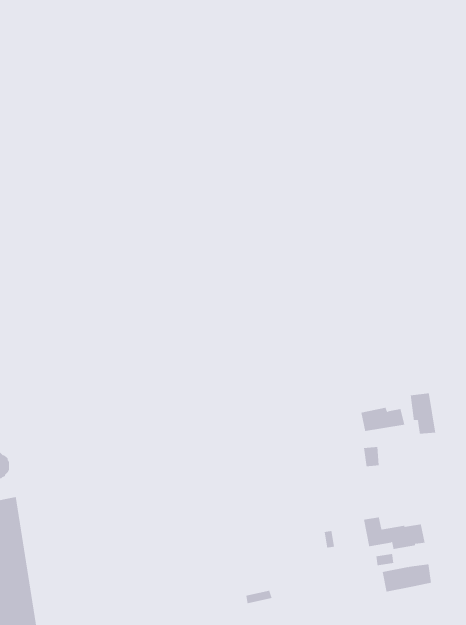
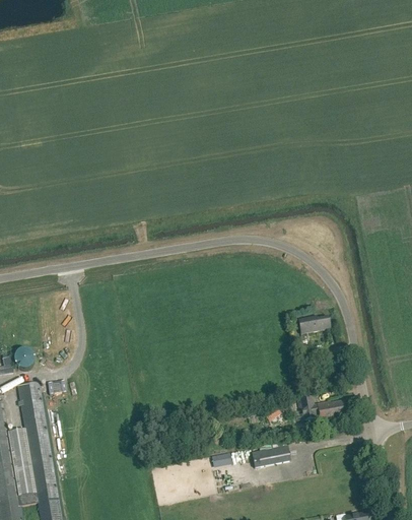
building: [410,392,436,435] -> none
building: [382,564,432,592] -> [252,445,289,466]

